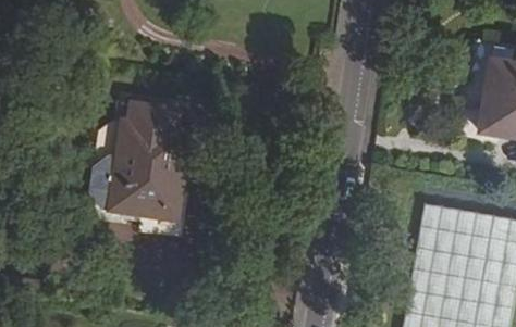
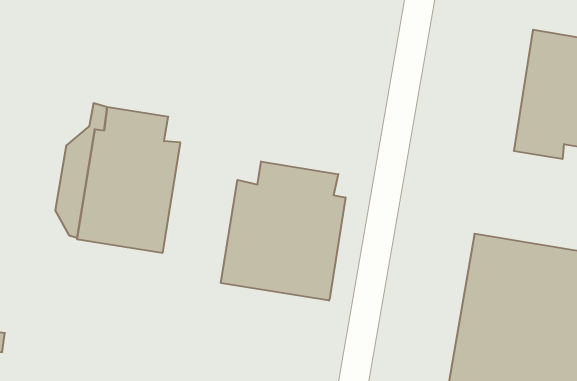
building: none -> [221,161,346,301]

